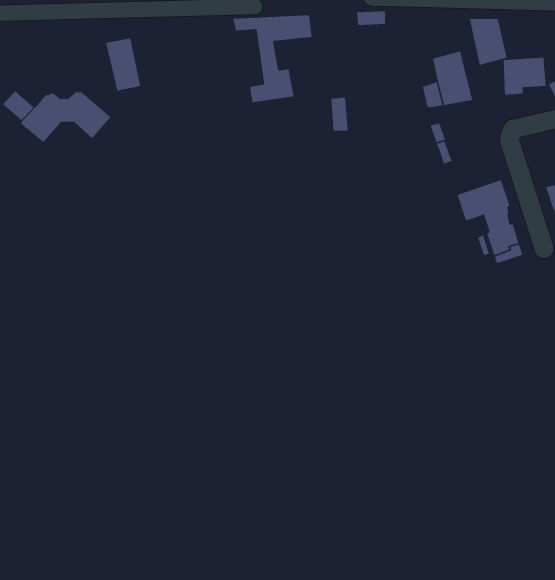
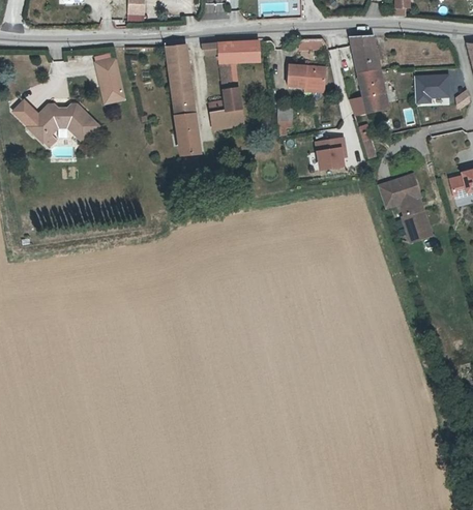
building: [469,18,507,66] -> [350,37,381,76]
building: none -> [168,46,200,154]
building: none -> [288,65,326,89]
building: none -> [213,107,249,132]
building: none -> [315,138,347,171]

